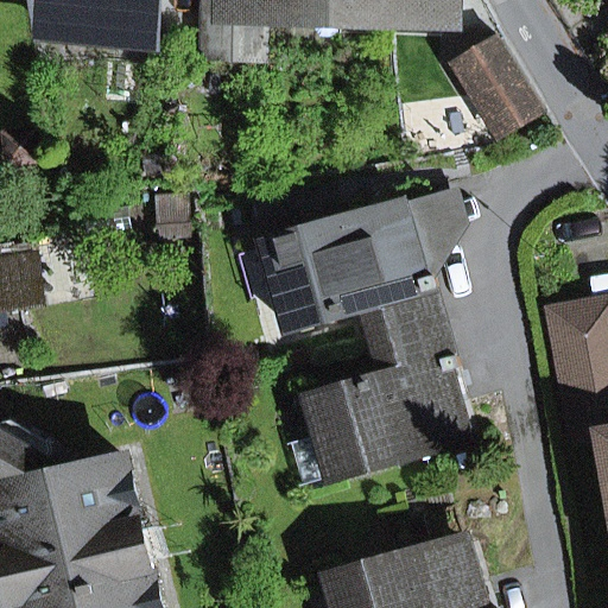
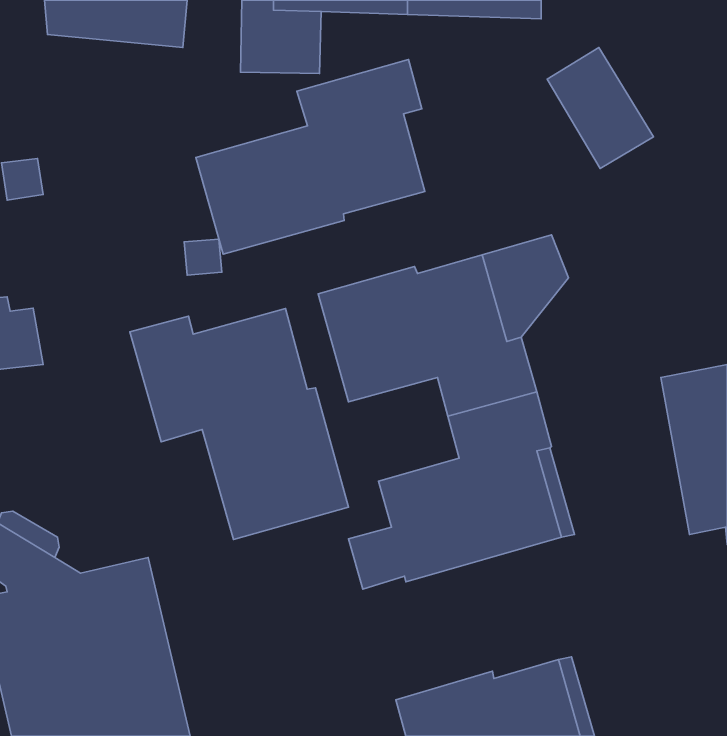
building: none -> [196,60,425,254]
building: none -> [130,309,349,540]

